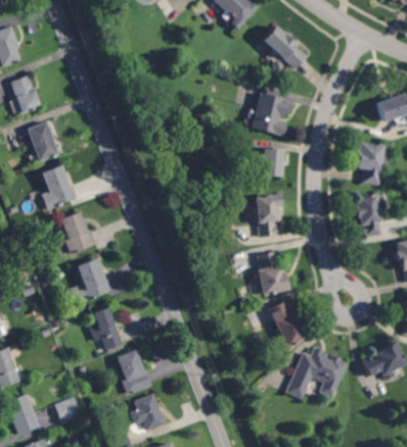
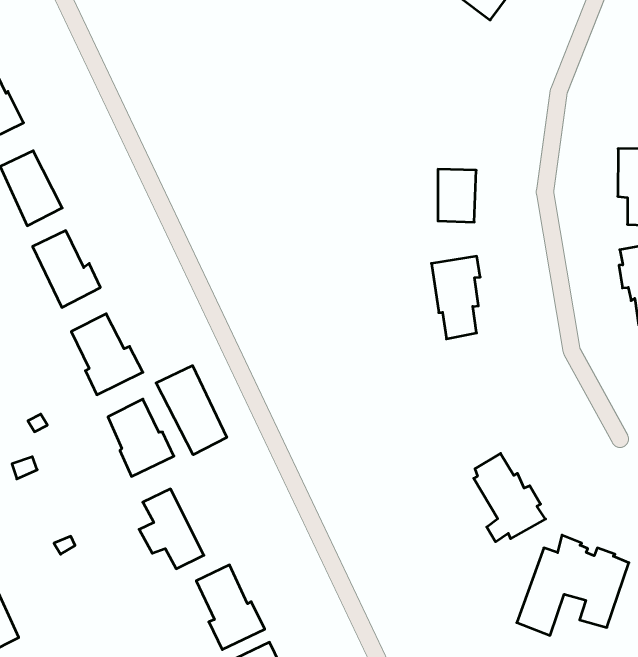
building: [251,93,293,136] -> none
building: none -> [156,366,227,455]
building: [257,251,287,294] -> none

